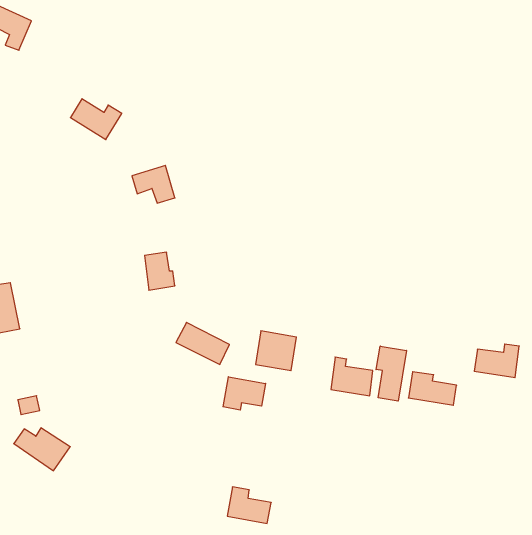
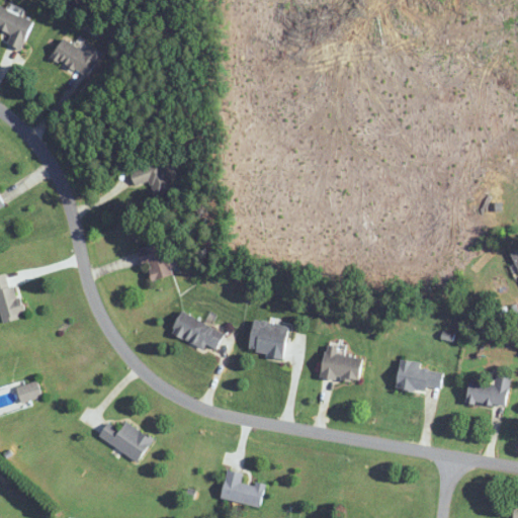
building: [70,99,122,140] -> [50,38,99,78]
building: [474,344,519,378] -> [464,375,508,408]
building: [376,346,406,401] -> none
building: [223,377,266,410] -> none
building: [14,428,70,471] -> [97,421,152,462]

